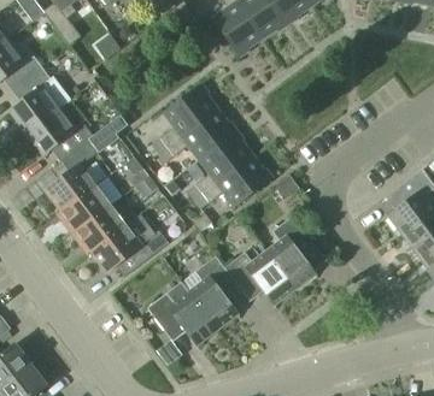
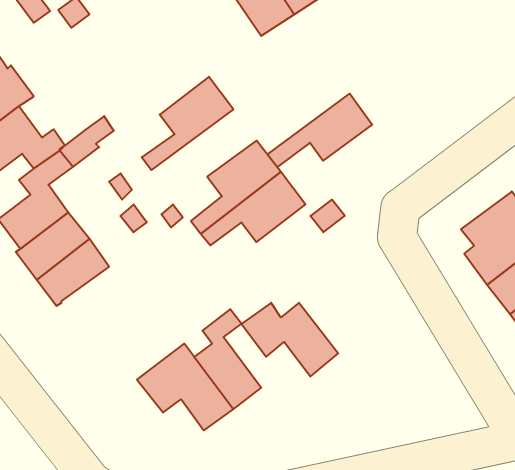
building: [157,110,234,164] -> [268,94,372,167]
building: [265,215,315,289] -> none
building: [90,225,168,273] -> none

